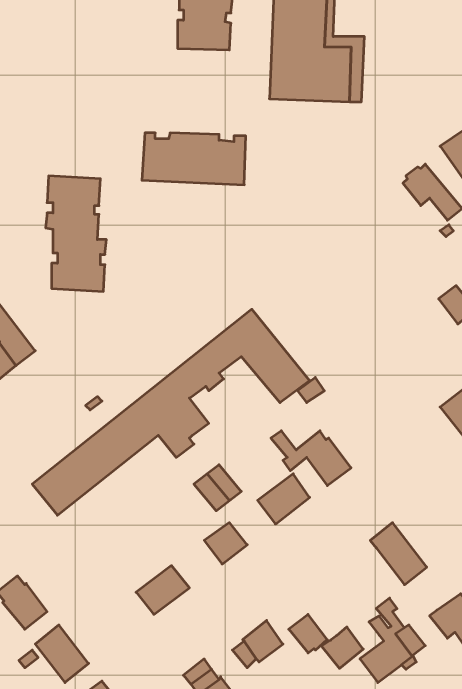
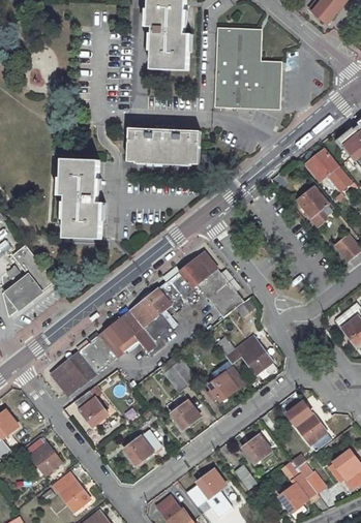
building: none -> [298,188,327,225]
building: none -> [73,390,107,426]
building: [322,627,363,668] -> [241,434,270,463]

